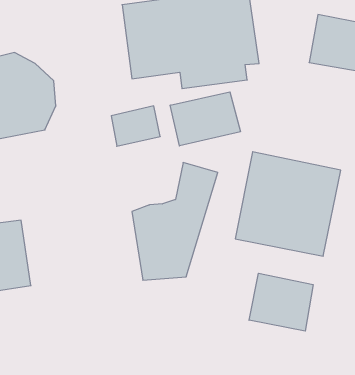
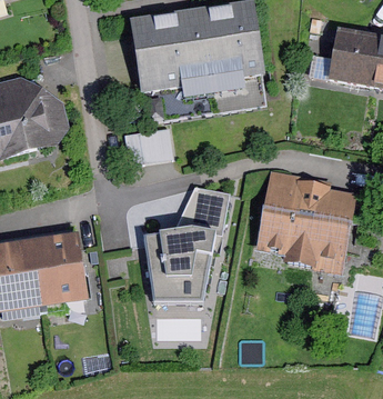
building: [170,92,240,146] -> none
building: none -> [31,230,88,305]
building: [249,273,313,331] -> none

